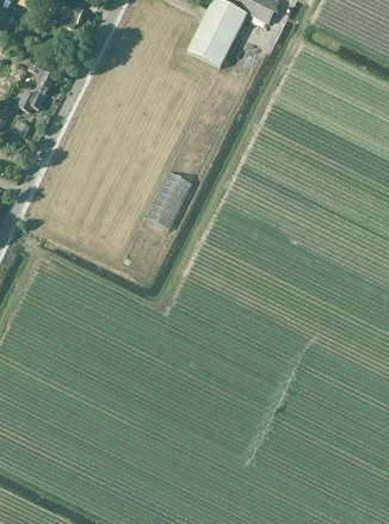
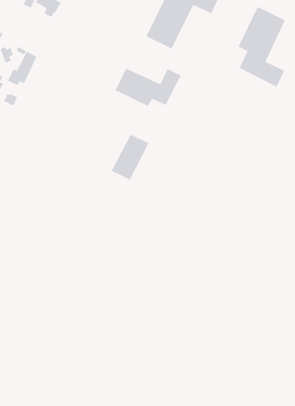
building: none -> [238,6,286,87]
building: none -> [115,68,182,107]

